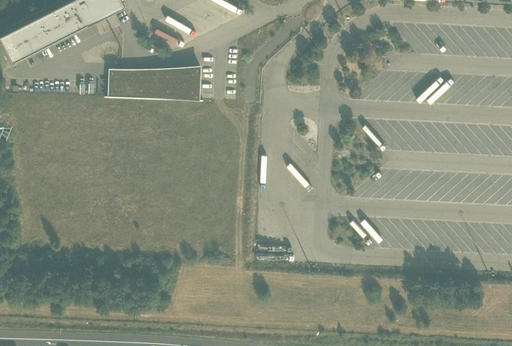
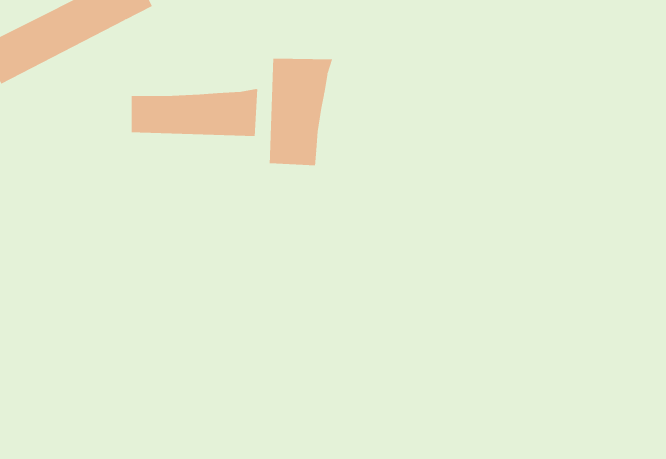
building: none -> [269,58,333,166]

